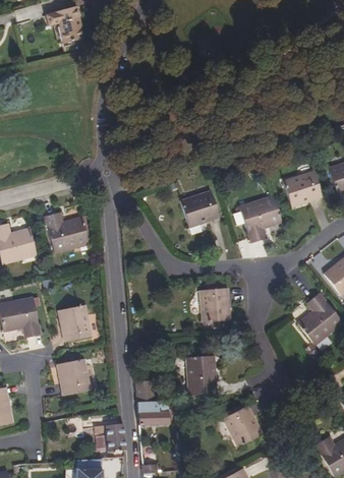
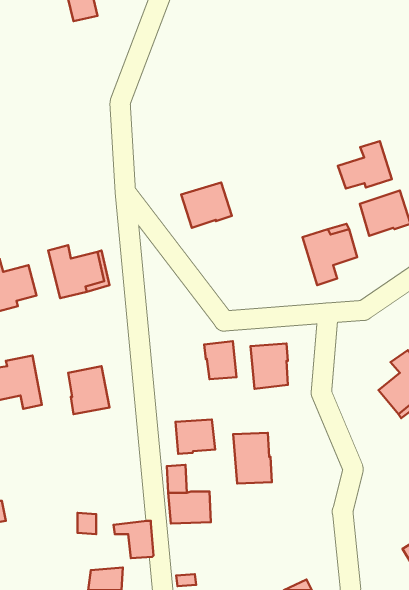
building: none -> [338,141,392,189]
building: [180,191,219,226] -> [181,182,232,228]
building: none -> [204,341,236,379]
building: none -> [176,419,215,454]
building: [59,359,91,396] -> none
building: [223,405,261,446] -> none

